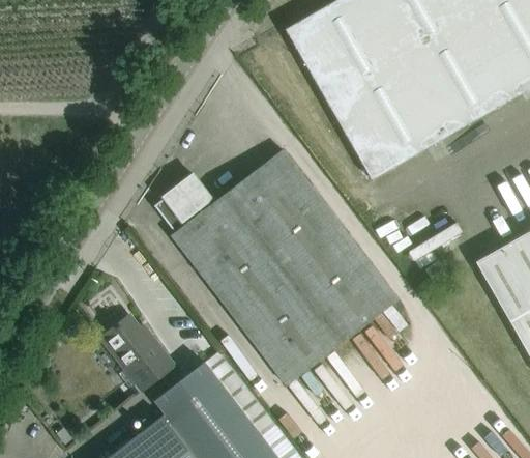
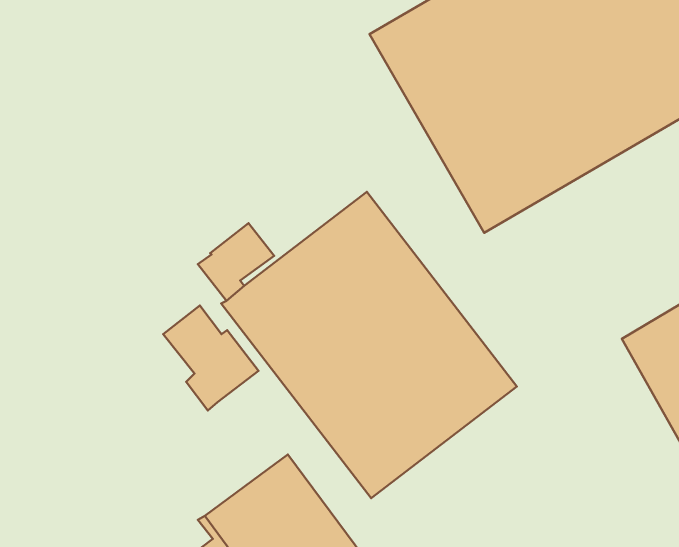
building: [101,316,174,396] -> [163,306,258,410]

